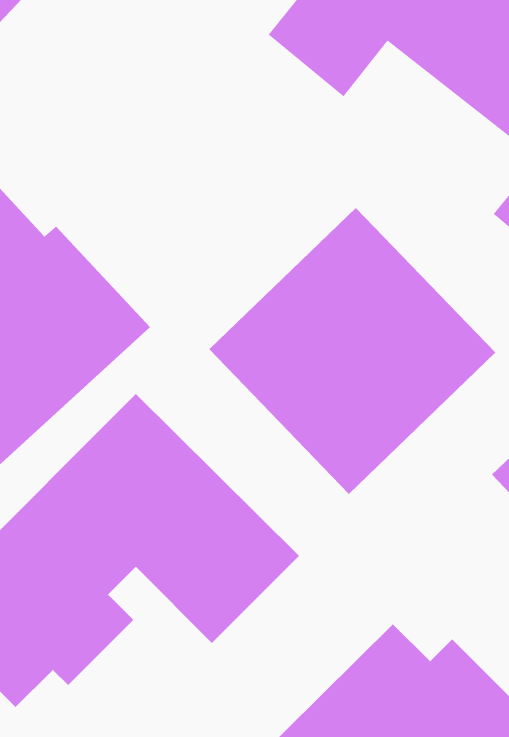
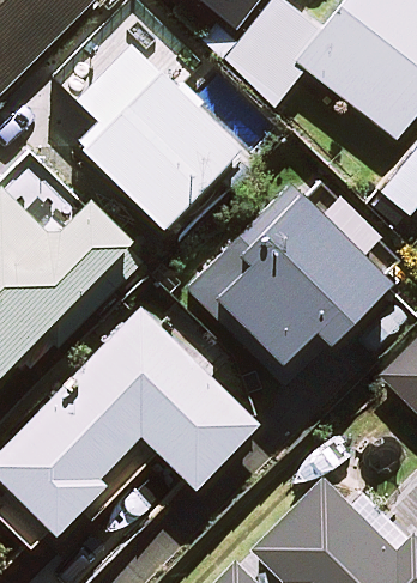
building: none -> [74,42,235,221]

